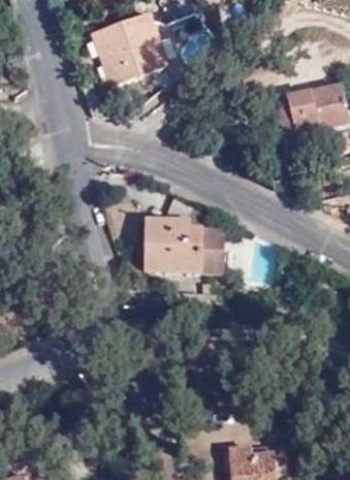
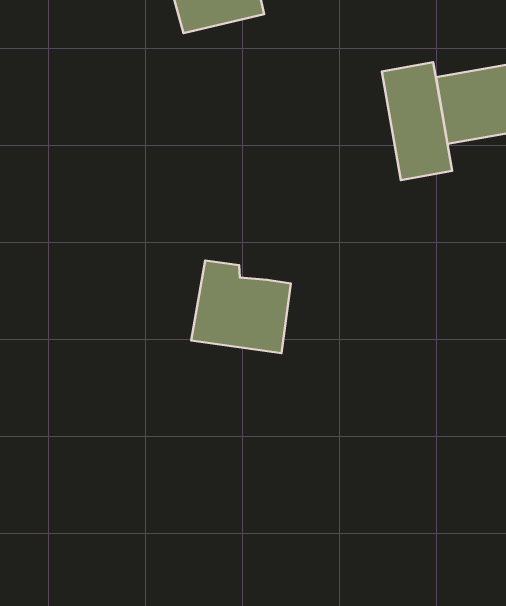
building: none -> [382,62,452,180]
building: [194,228,217,271] -> none

